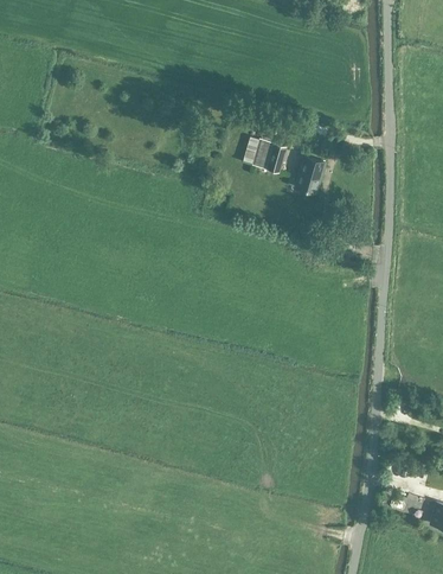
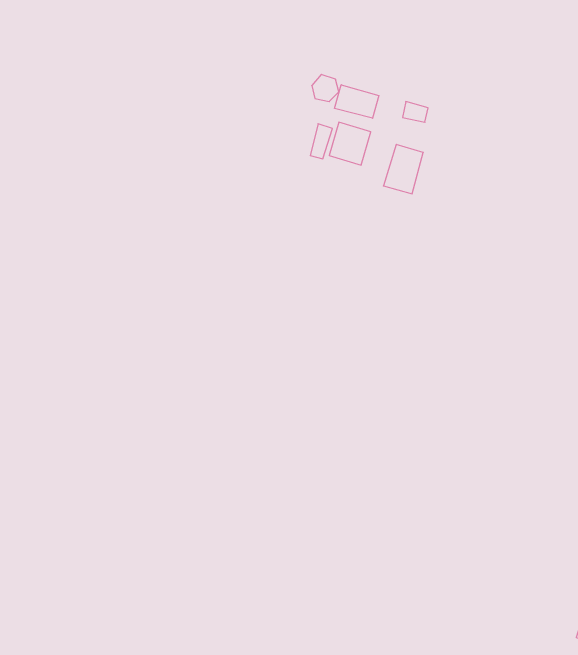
building: none -> [335,85,379,118]

